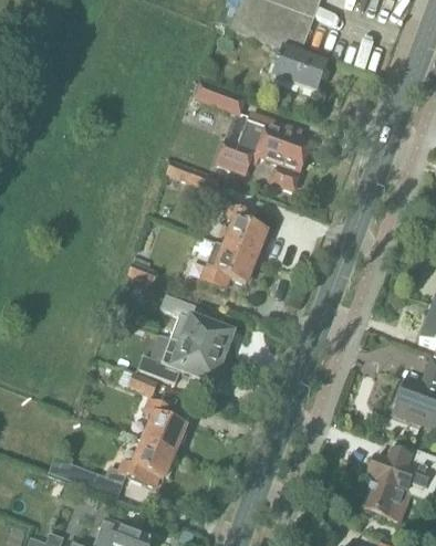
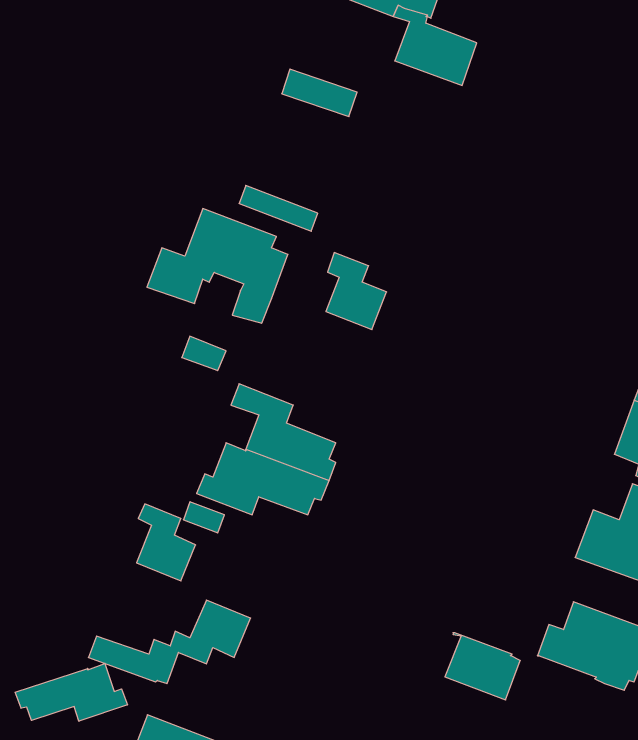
building: [214,112,309,189] -> [147,209,288,323]
building: [201,241,256,286] -> none
building: [144,399,184,451] -> [137,504,196,581]
building: [362,476,413,522] -> [445,633,520,700]
building: none -> [15,663,127,721]

